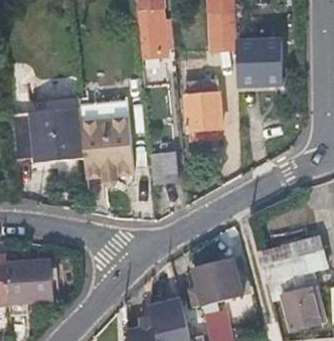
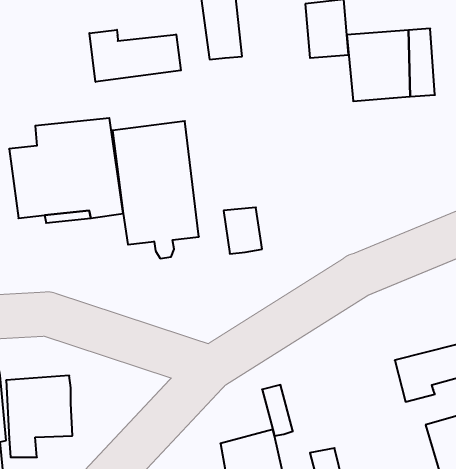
building: none -> [89,30,181,82]
building: [182,86,220,133] -> none
building: [197,254,244,303] -> none

